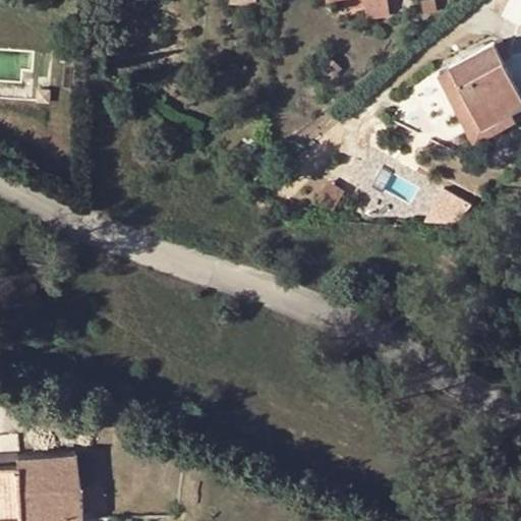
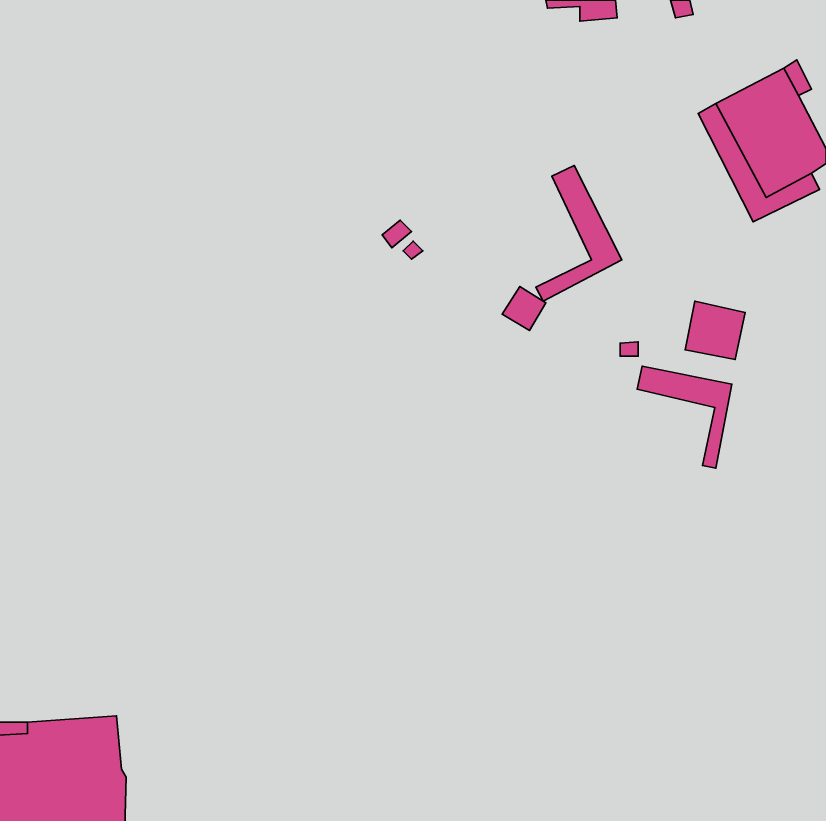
building: none -> [536,165,622,301]
building: none -> [637,366,732,468]

